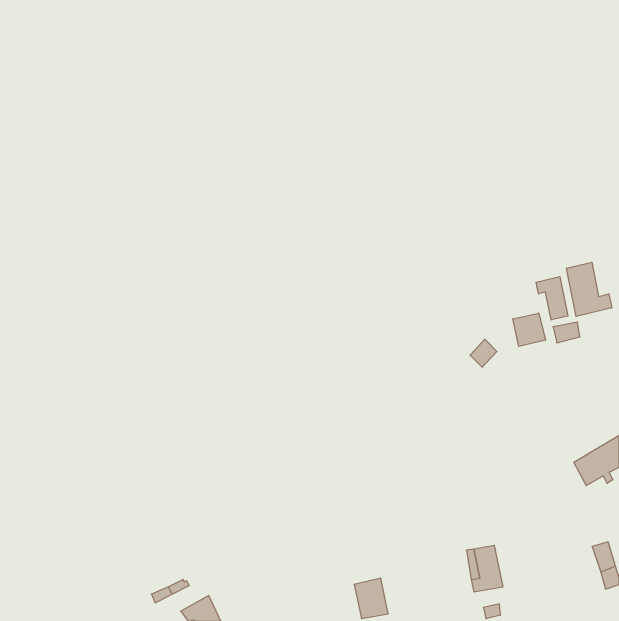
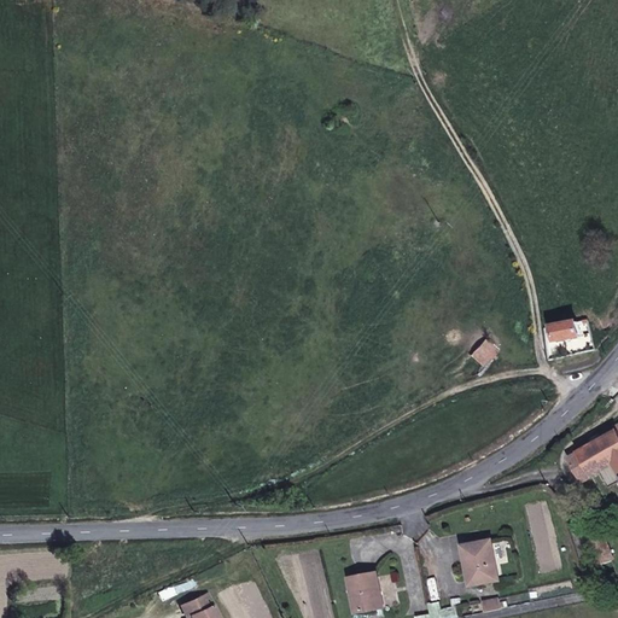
building: [567,262,612,316] -> none
building: [536,277,568,320] -> none
building: [513,313,545,346] -> none

